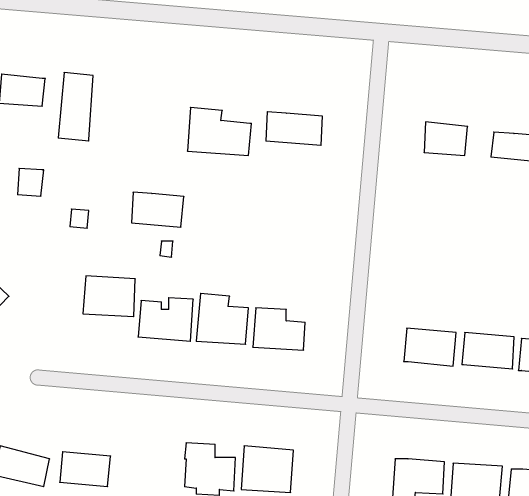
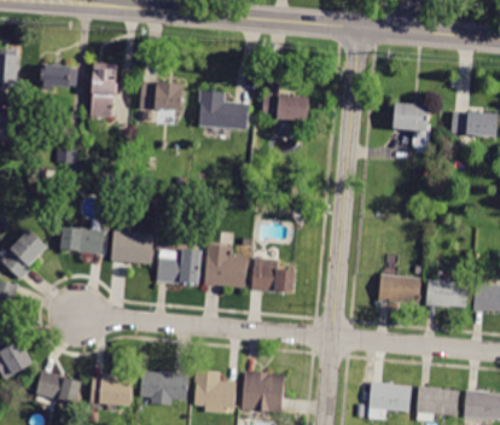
building: [132,192,184,227] -> [140,82,184,111]
building: none -> [60,227,105,255]
building: none -> [140,371,188,404]

